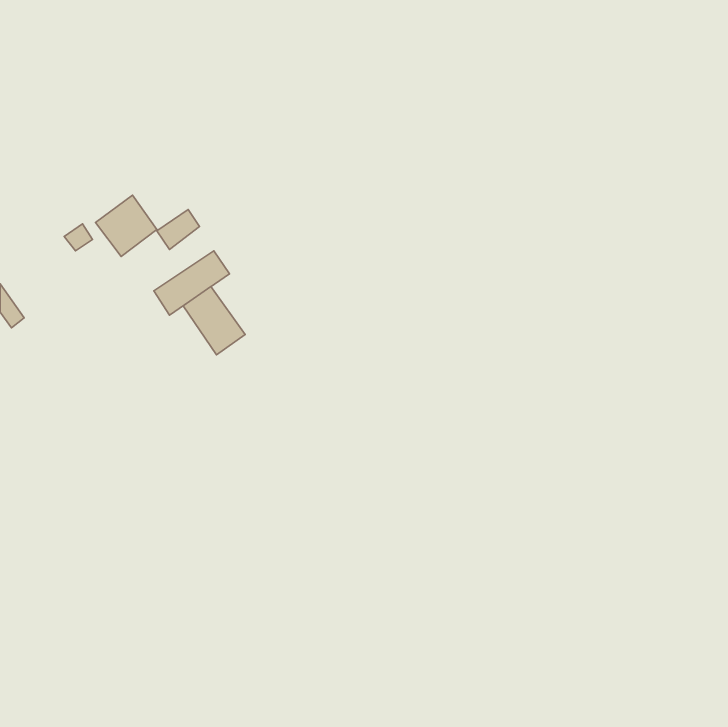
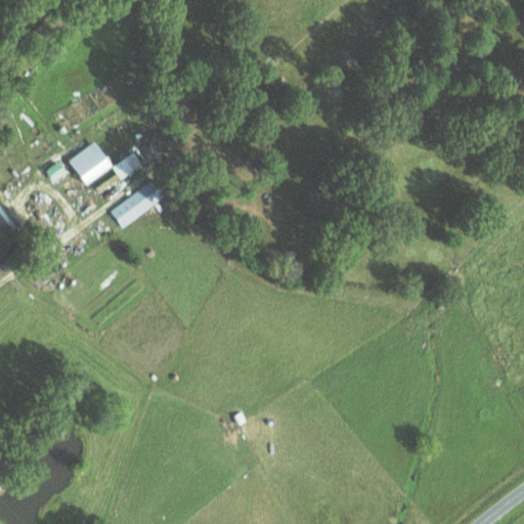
building: [183,287,245,355] -> none

